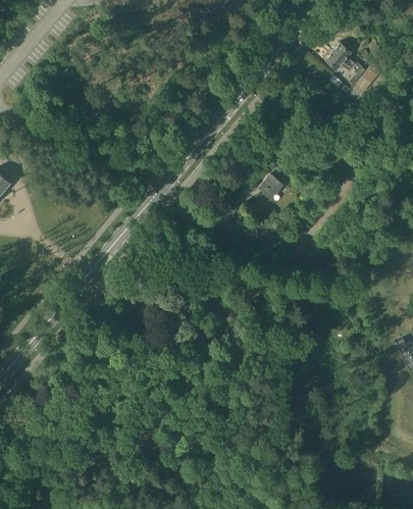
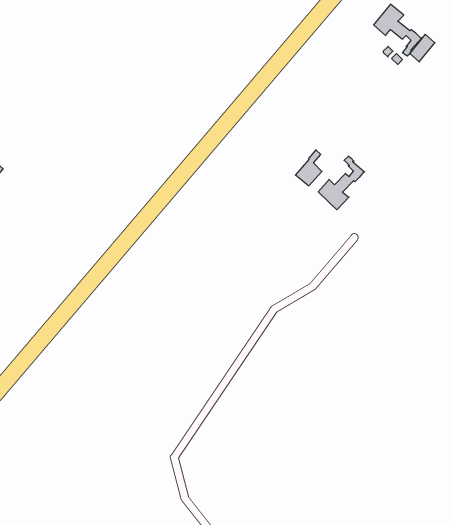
building: none -> [318,156,365,210]

